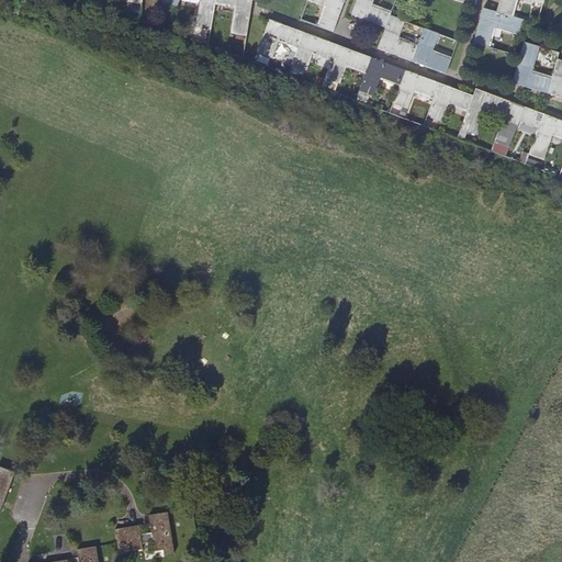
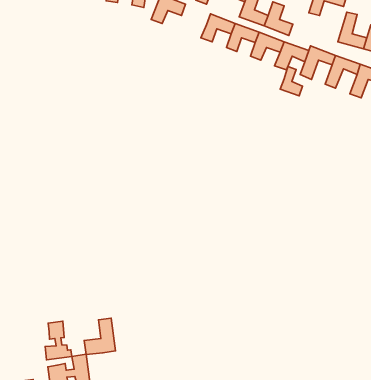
building: [291,31,337,69] -> none
building: none -> [280,66,303,96]
building: none -> [84,318,115,355]
building: none -> [45,321,72,360]

